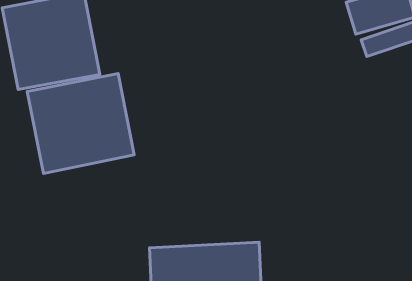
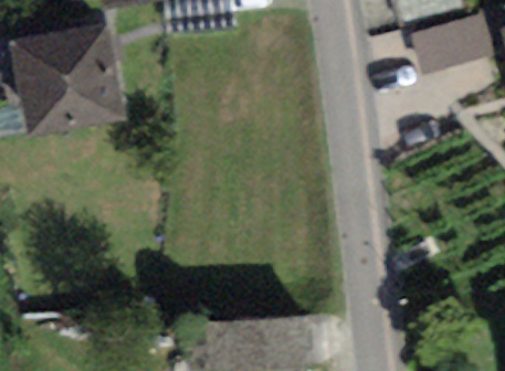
building: [27,74,134,174] -> none

